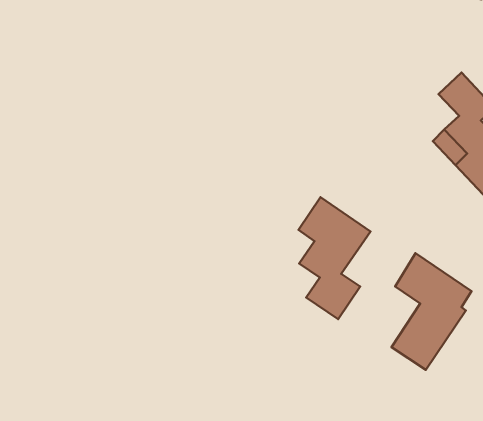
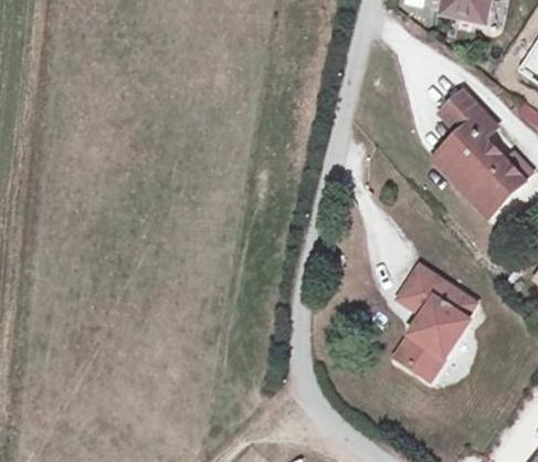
building: [298,197,370,319] -> none

